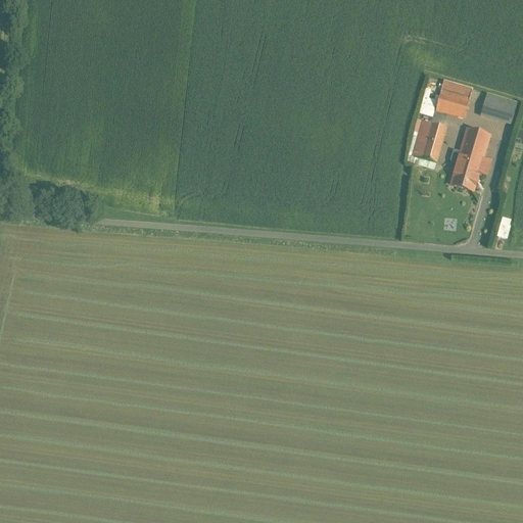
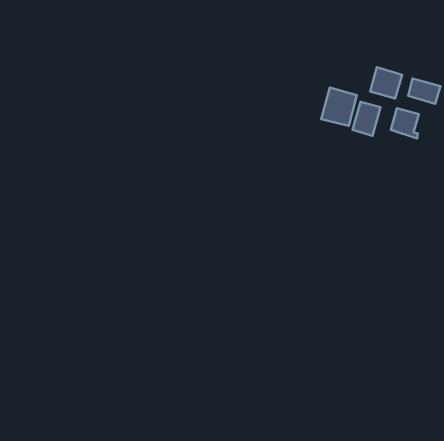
building: none -> [321,88,357,126]
building: [449,152,489,190] -> none

